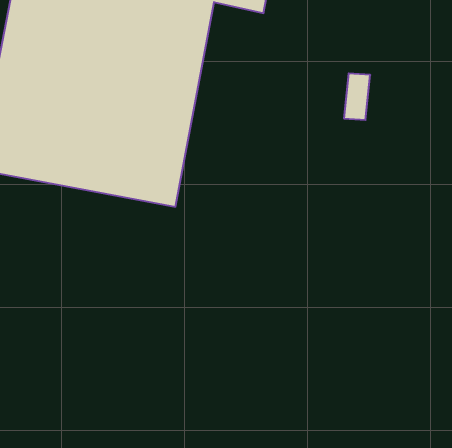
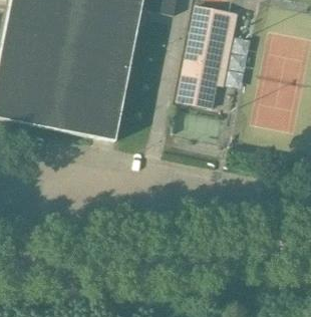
building: none -> [179,15,227,105]

